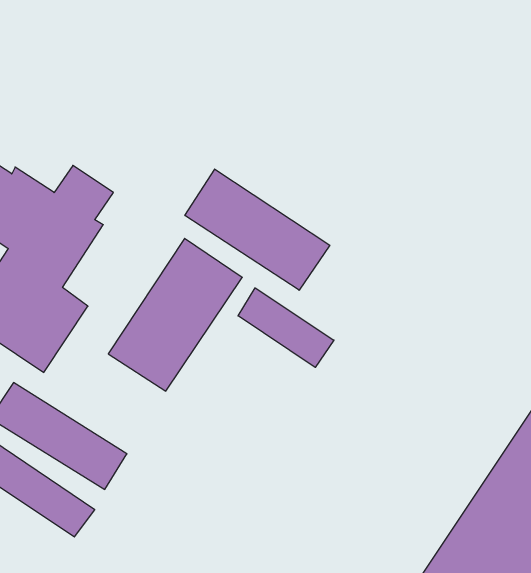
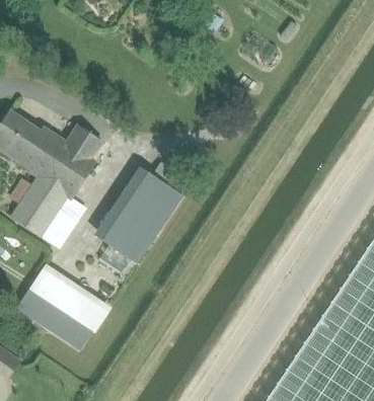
building: [185,169,330,290] -> none
building: [238,288,334,367] -> none

